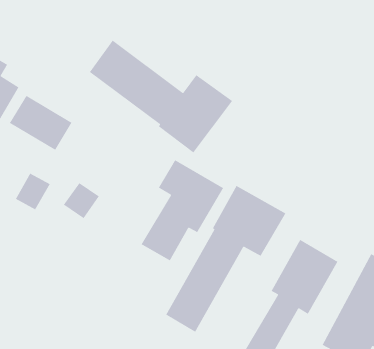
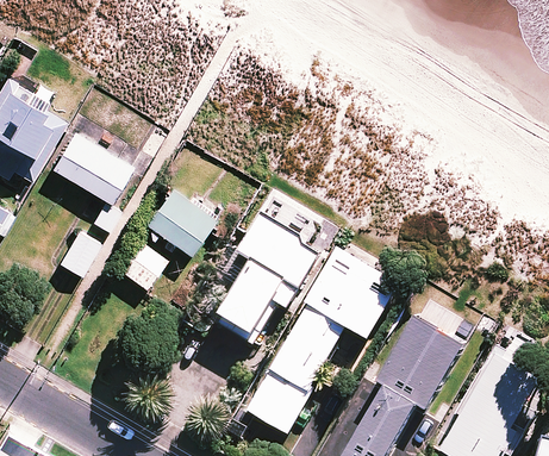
building: [89,39,233,153] -> none
building: none -> [143,188,212,255]

